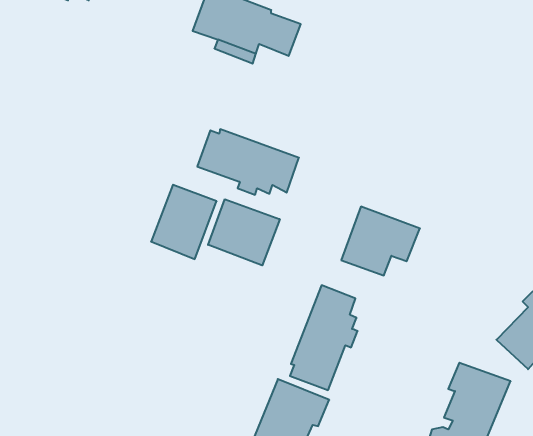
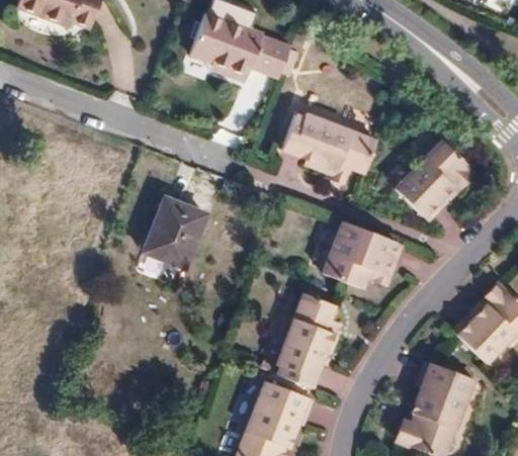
building: none -> [393,143,472,216]
building: [197,129,299,195] -> [279,113,373,174]
building: [208,199,280,265] -> none

